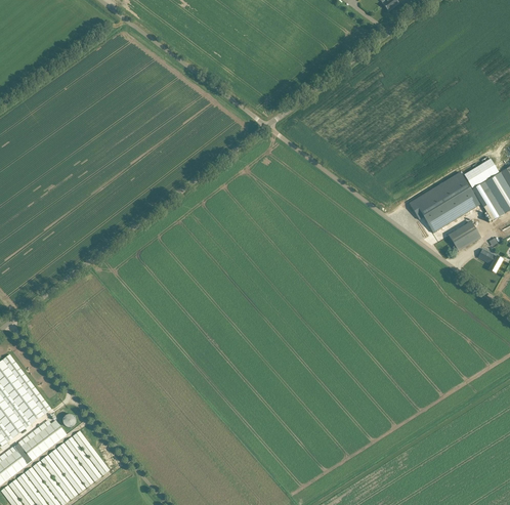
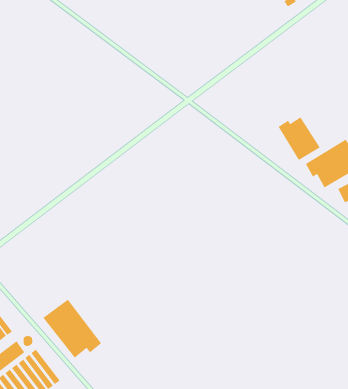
building: none -> [278,116,321,161]
building: none -> [43,299,102,358]

